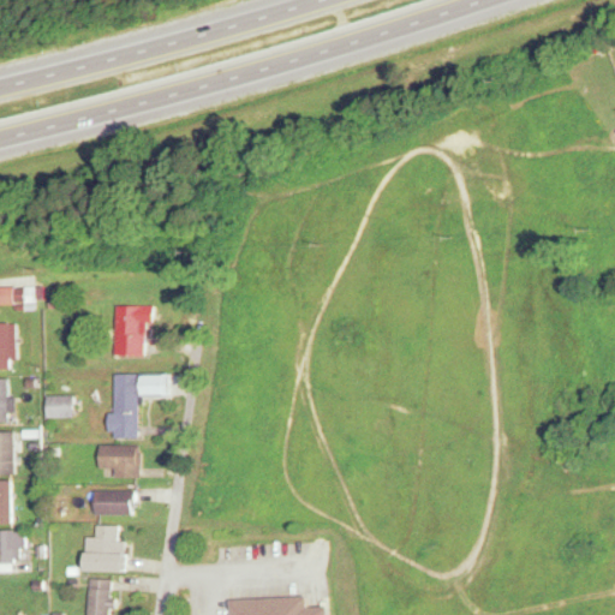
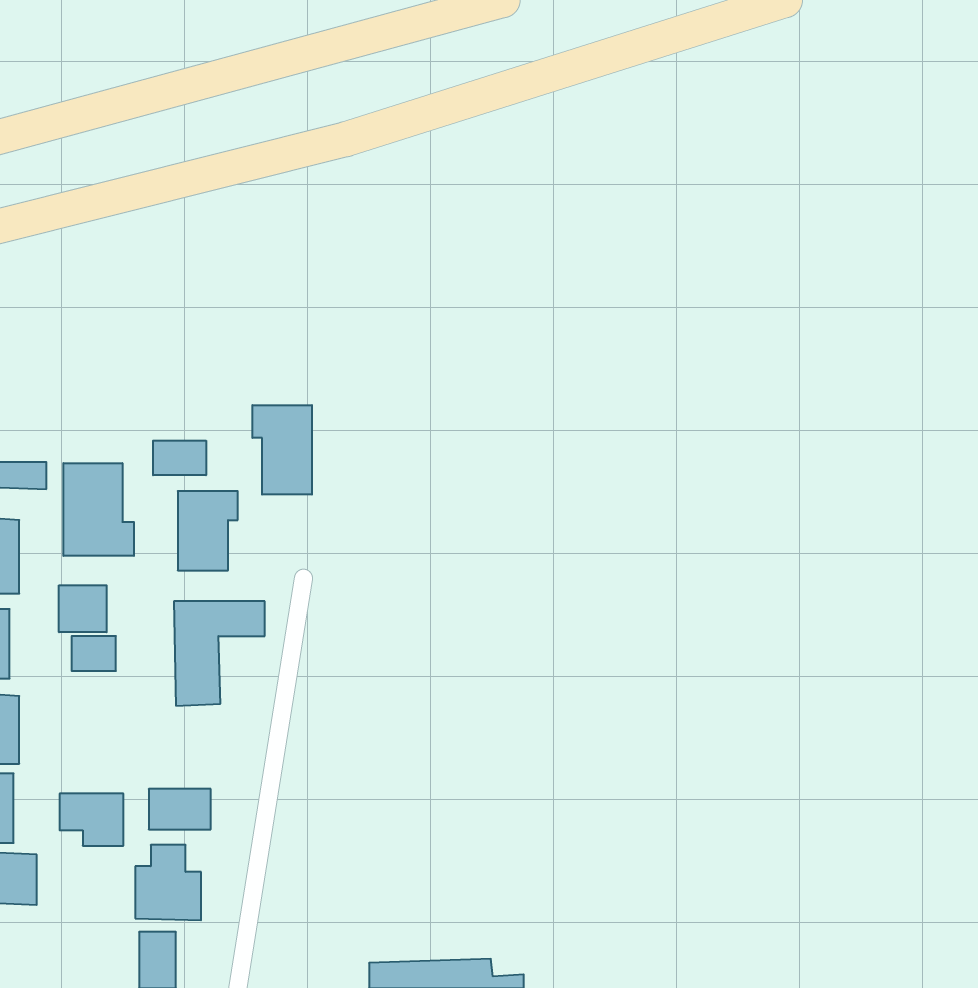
building: none -> [252,405,312,495]
building: none -> [153,441,206,475]
building: none -> [63,463,134,556]
building: none -> [59,585,107,632]
building: [97,446,137,478] -> [60,794,123,846]

